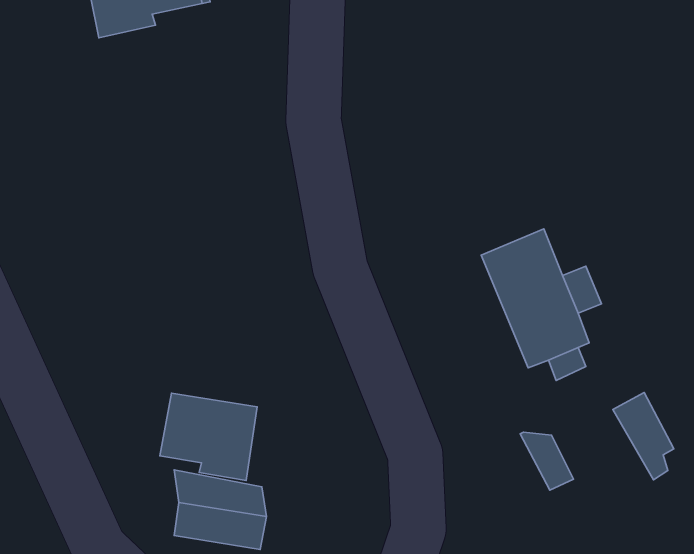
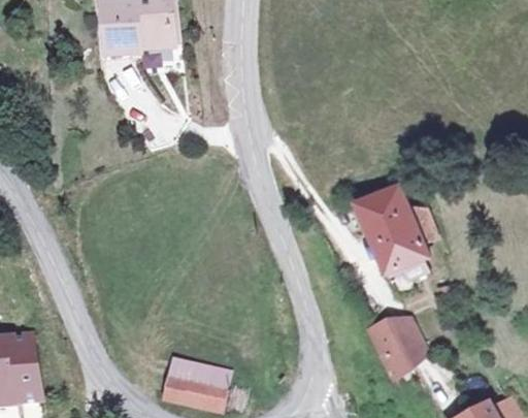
building: [613,392,674,480] -> [367,323,407,381]
building: [160,393,257,481] -> none

